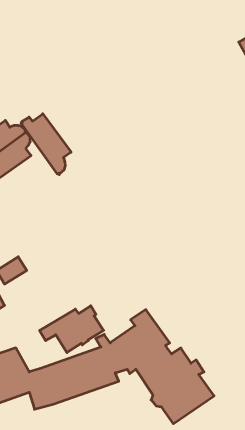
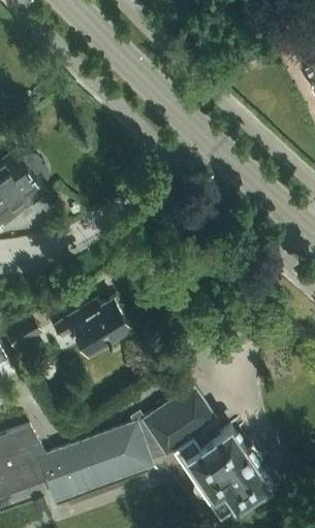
building: [21,114,71,175] -> none
building: [40,306,104,353] -> [55,297,132,354]

